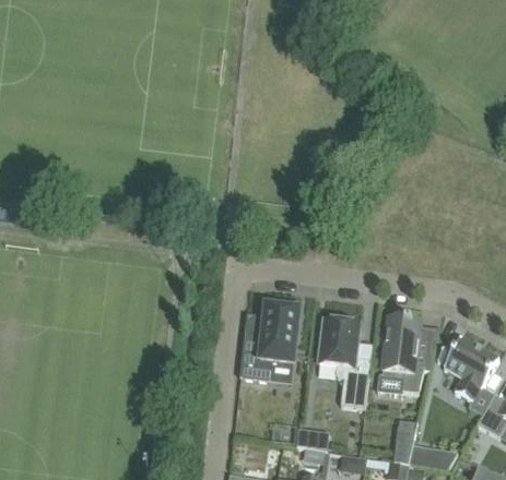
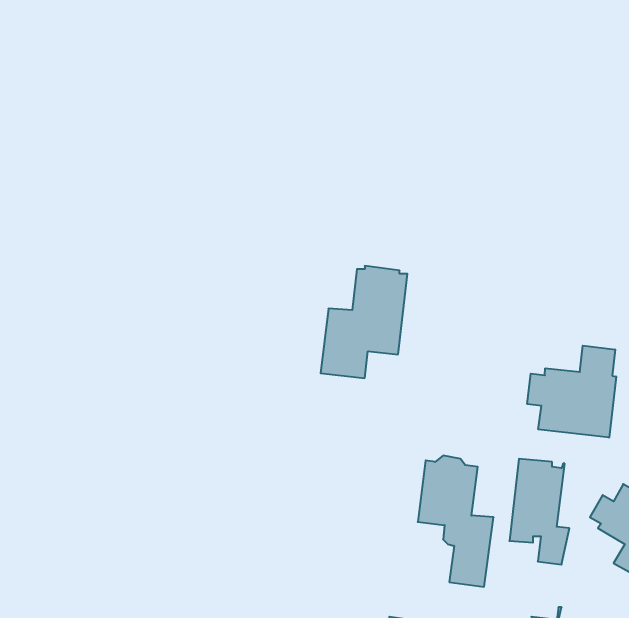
building: none -> [527,346,616,438]
building: [240,303,301,381] -> [321,266,407,378]

